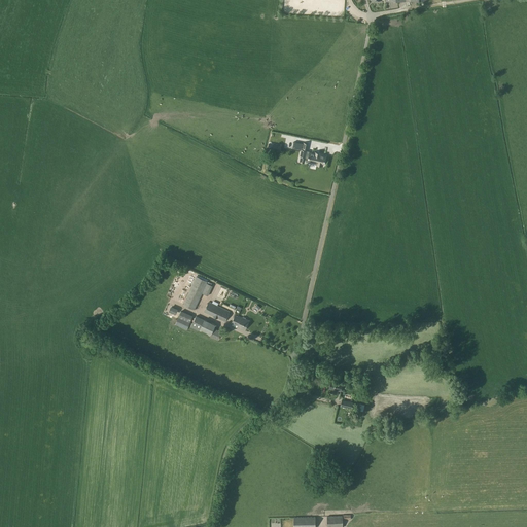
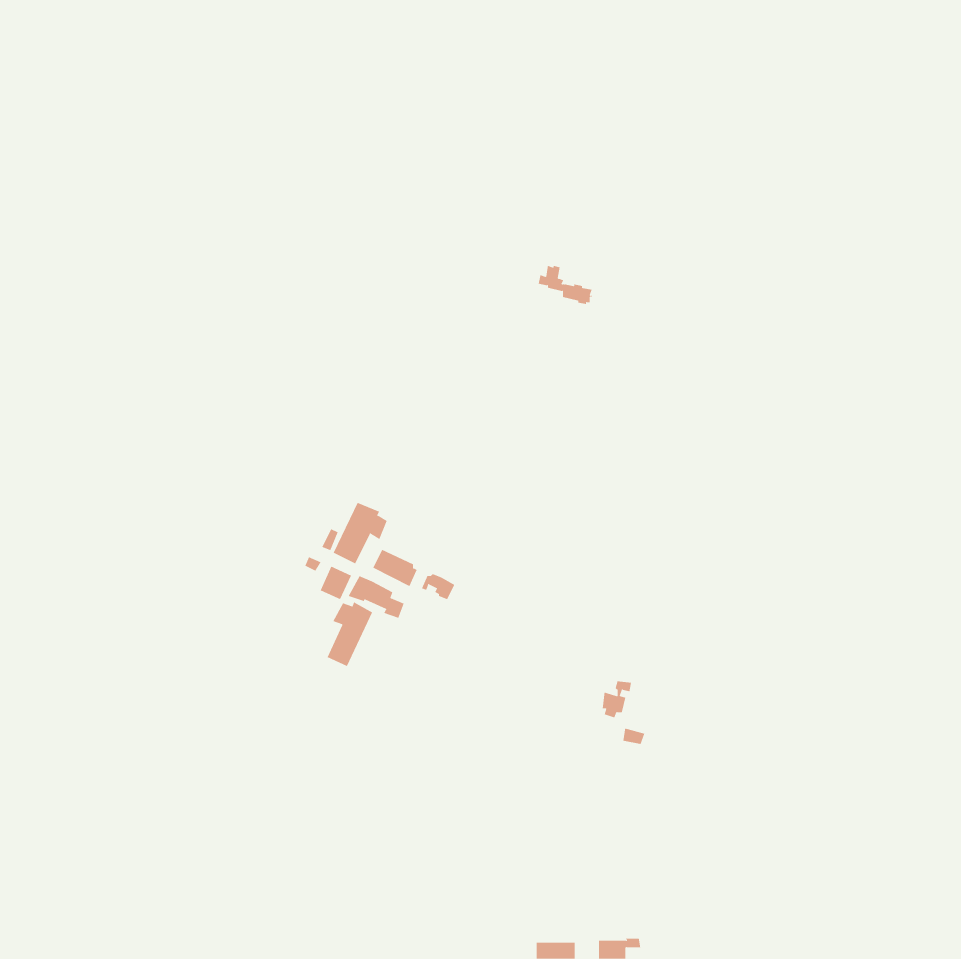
building: none -> [327,602,373,667]

